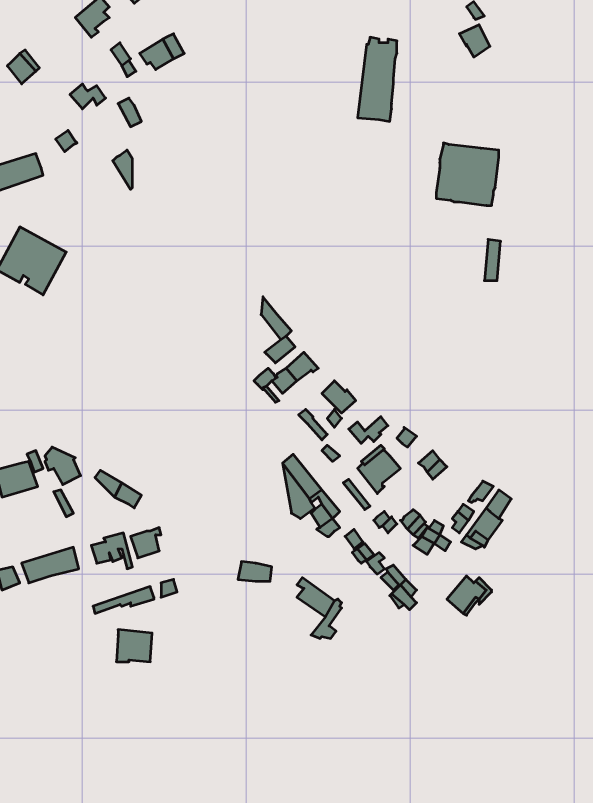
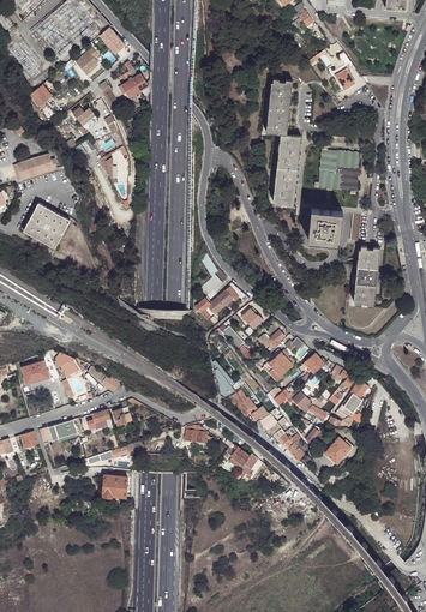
building: none -> [271,132,300,206]
building: none -> [307,208,342,244]
building: none -> [353,245,380,306]

